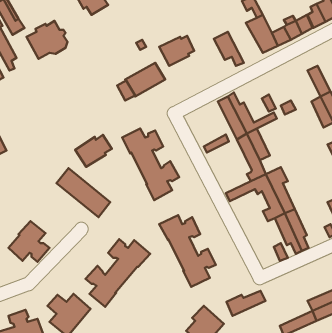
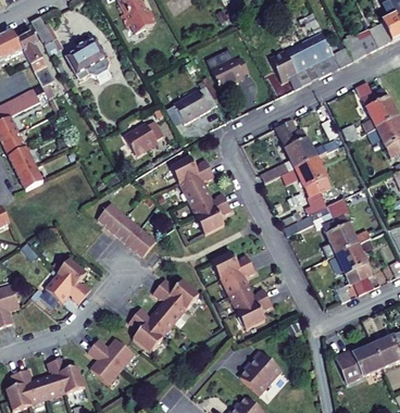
building: none -> [285,42,323,86]
building: none -> [354,82,386,133]
building: [75,135,112,167] -> [123,121,163,155]
building: [227,291,266,316] -> [335,346,377,373]

